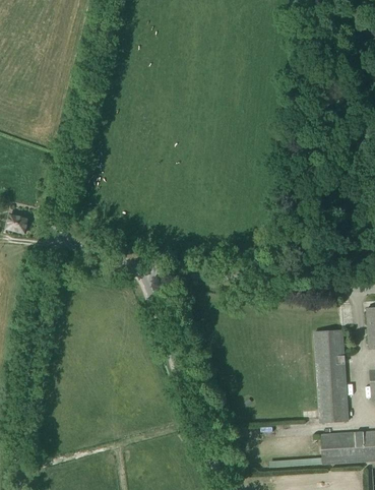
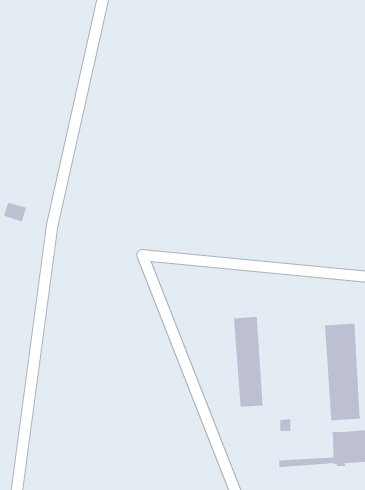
building: none -> [233,316,263,408]

